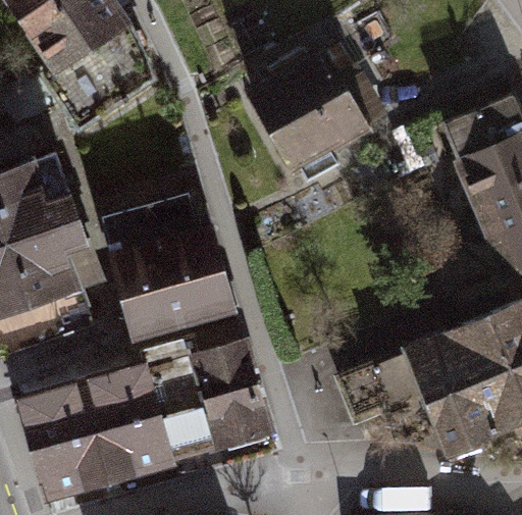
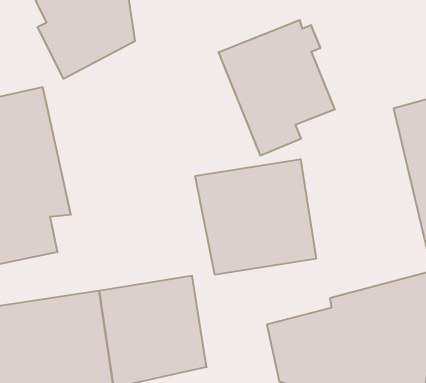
building: [99,197,243,347] -> none
building: none -> [195,159,316,275]

